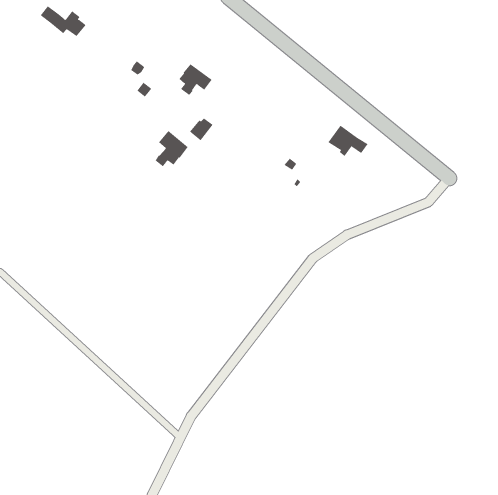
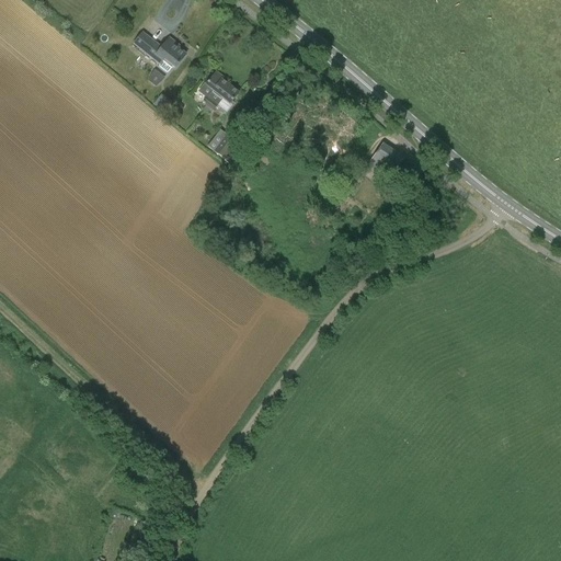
building: [40,6,86,37] -> [133,30,185,65]
building: [155,130,189,167] -> none

